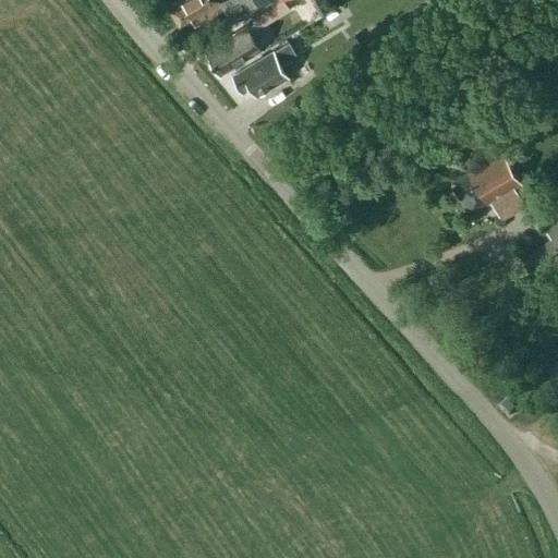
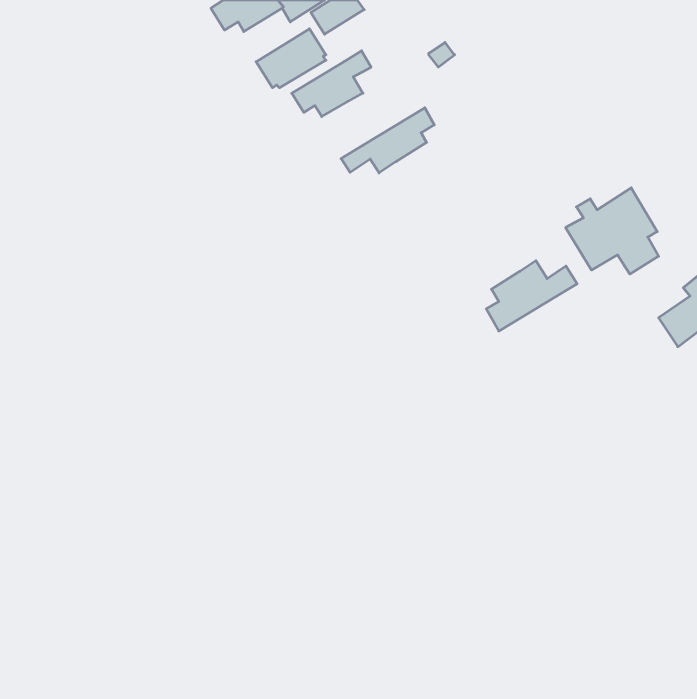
building: none -> [341,108,434,173]
building: none -> [486,261,577,331]

